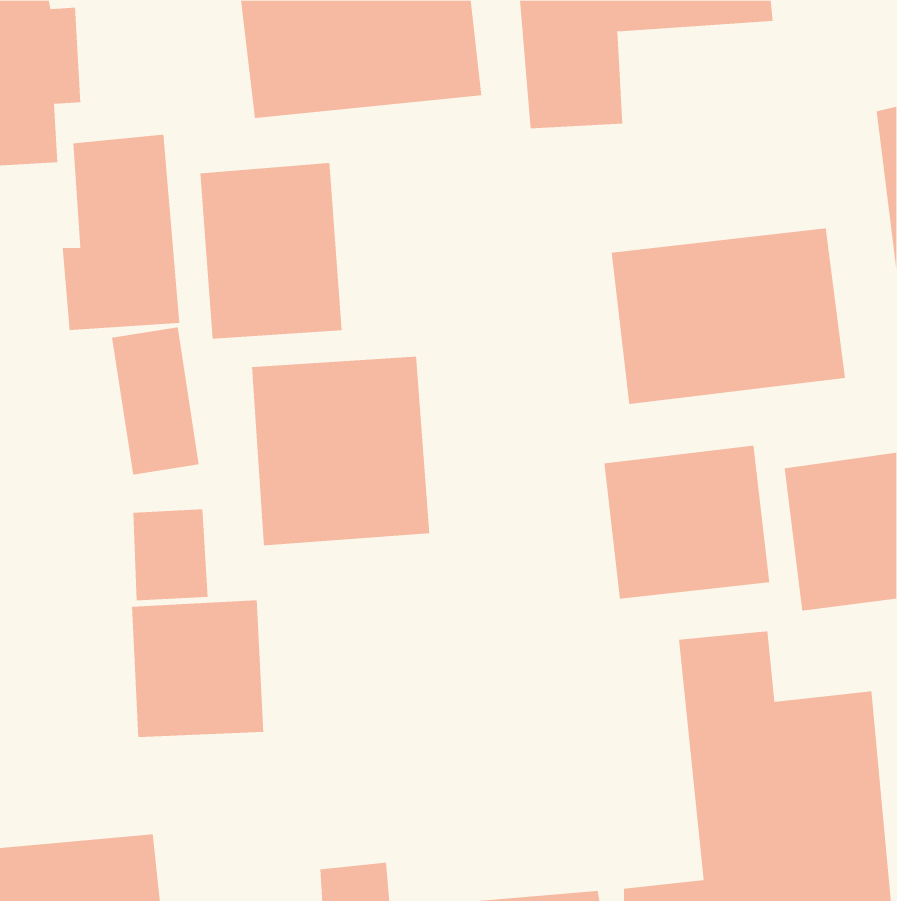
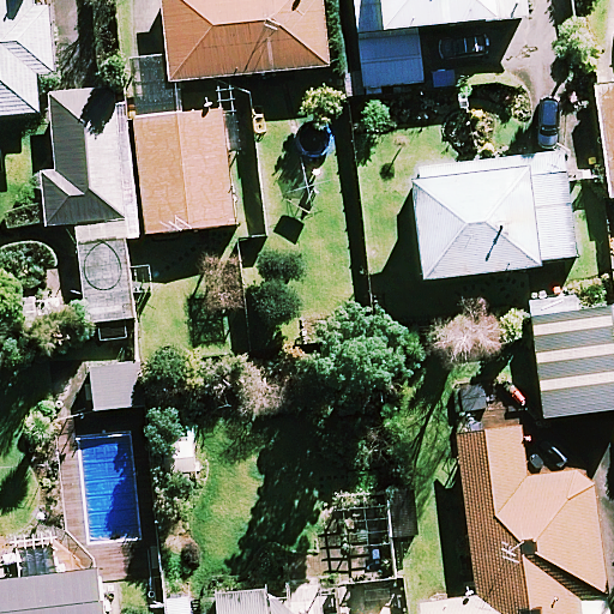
building: [252,356,430,546] -> none
building: [604,445,770,599] -> none
building: [131,600,264,738] -> none

